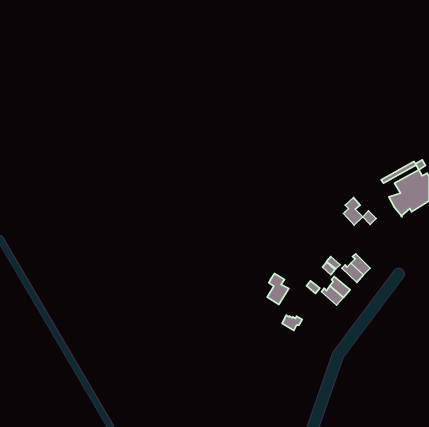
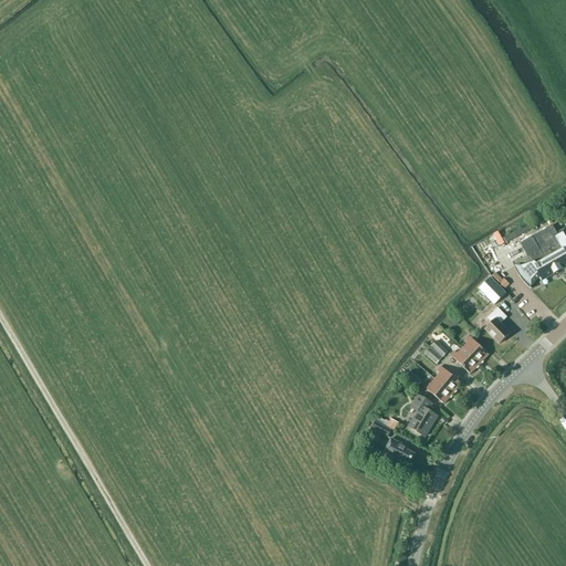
building: [343,198,363,225] -> [484,305,510,342]
building: [267,273,289,305] -> [408,394,437,434]
building: none -> [382,436,415,461]

